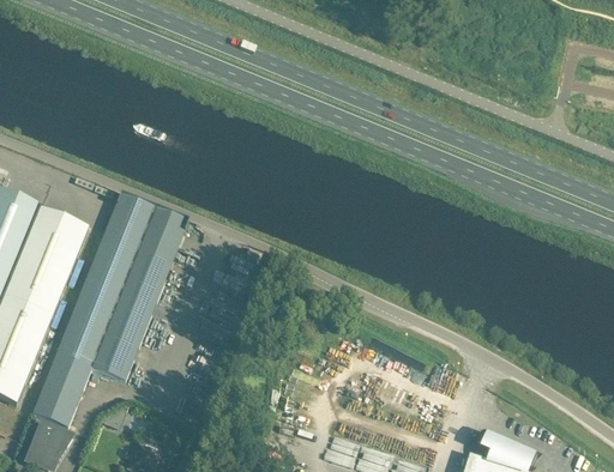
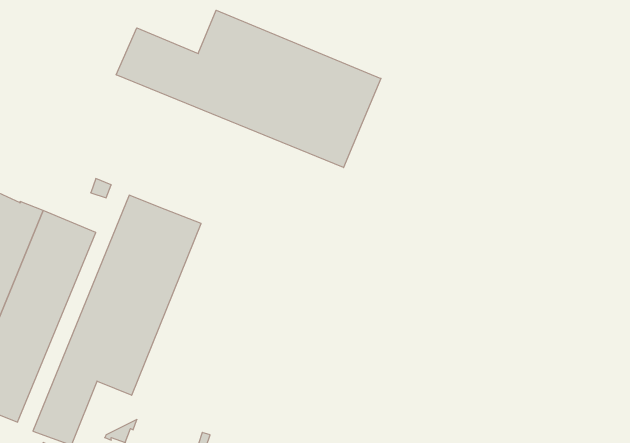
building: none -> [116,10,381,168]

